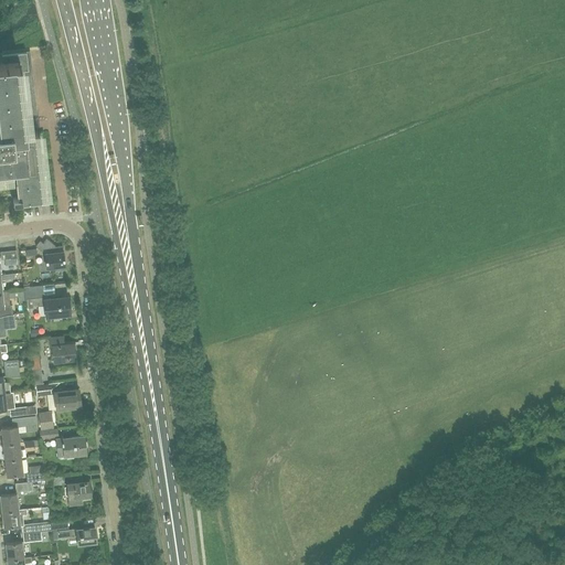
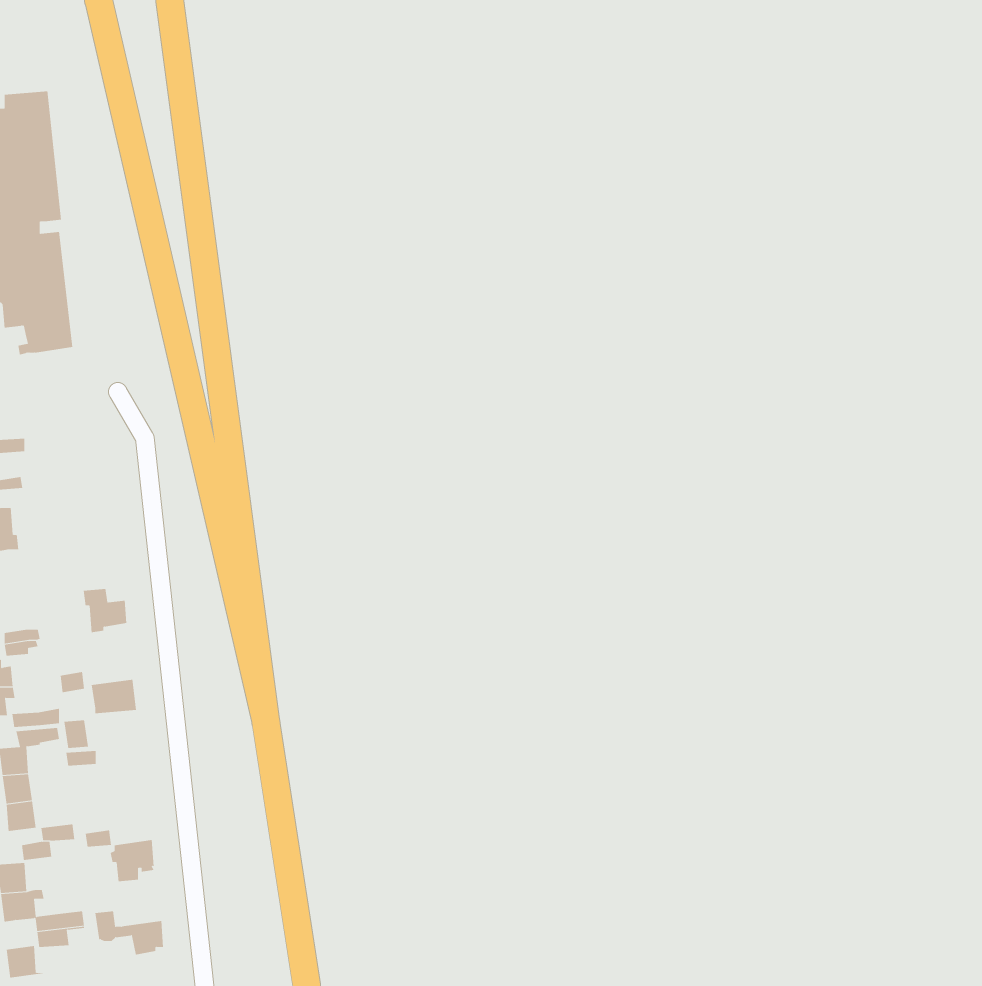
building: [33,238,63,269] -> none
building: [21,285,67,317] -> none
building: [54,436,84,457] -> none

